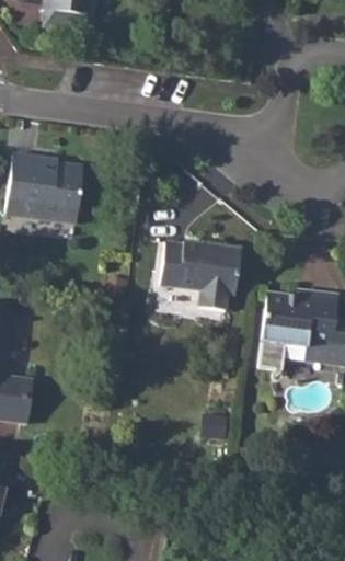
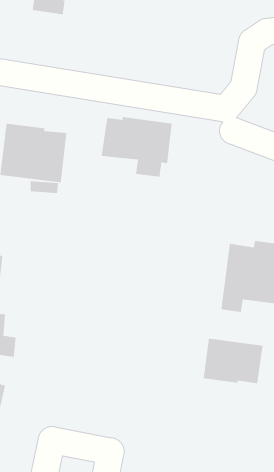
building: [159,240,241,309] -> [101,117,173,177]
building: none -> [203,338,263,384]

